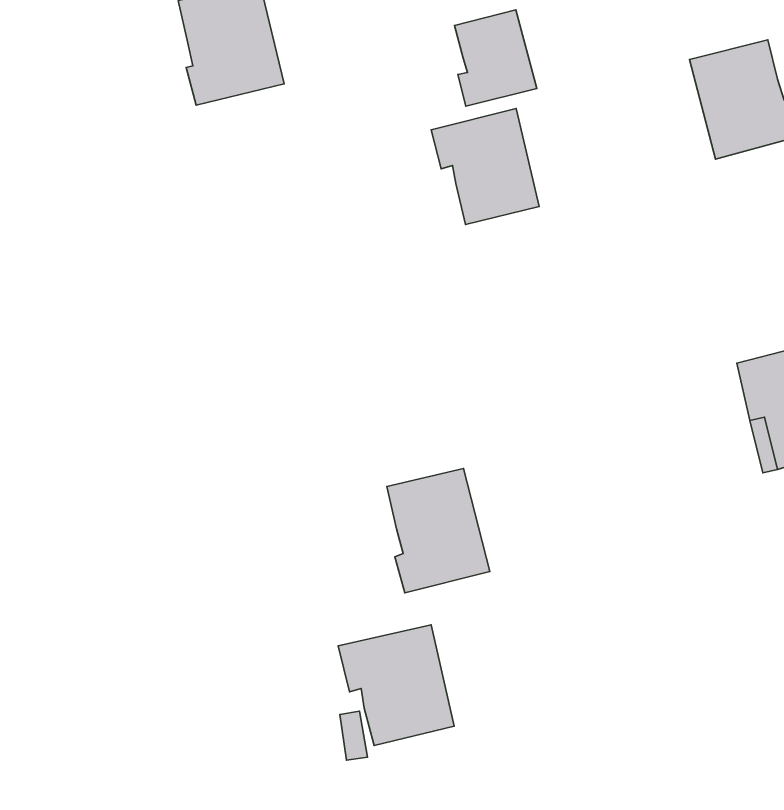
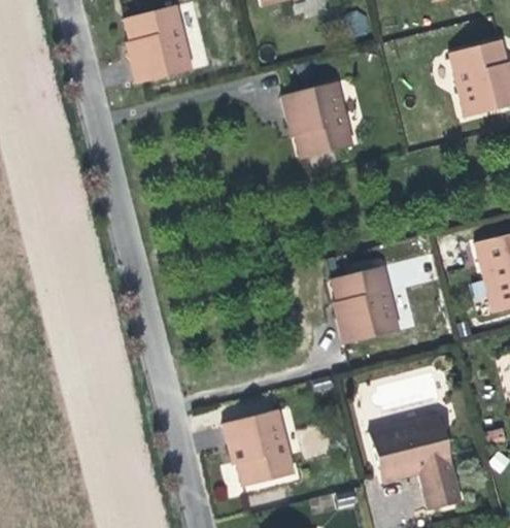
building: [454,10,537,106] -> none
building: [387,469,490,593] -> [335,265,400,343]
building: none -> [369,412,462,510]

